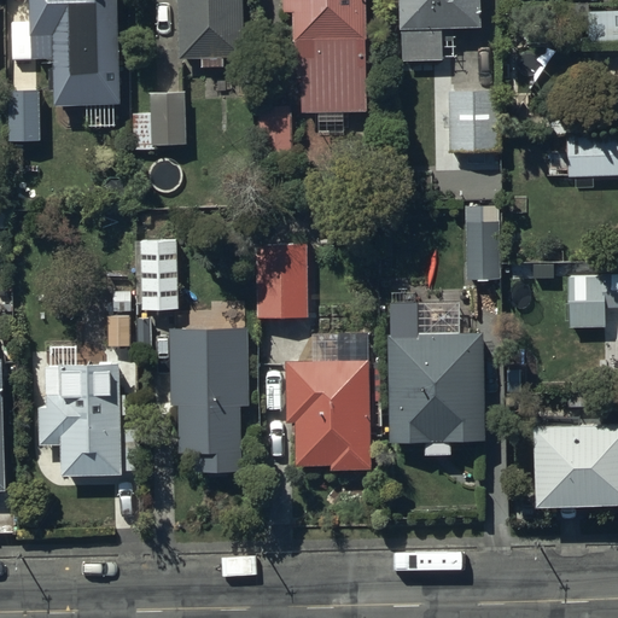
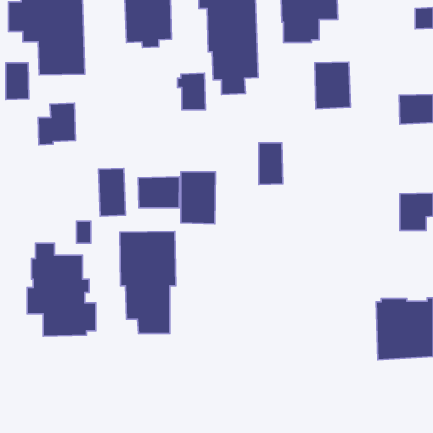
building: [133,91,186,150] -> [38,103,75,145]
building: [466,221,500,280] -> [259,143,283,185]
building: none -> [138,177,180,208]
building: [387,298,485,455] -> none
building: [287,333,371,471] -> none

